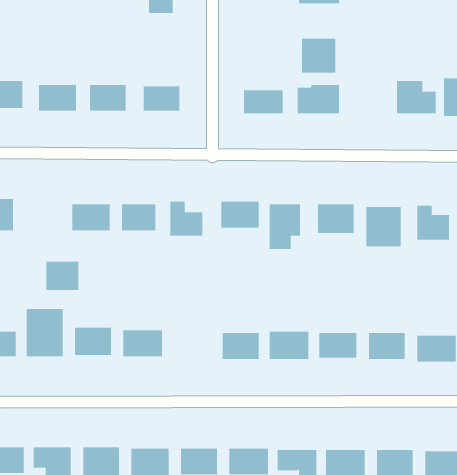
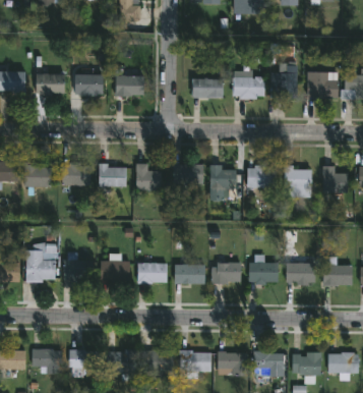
building: [301,38,336,73] -> [270,70,297,97]
building: [46,261,79,291] -> [24,163,50,185]
building: none -> [137,263,167,283]

